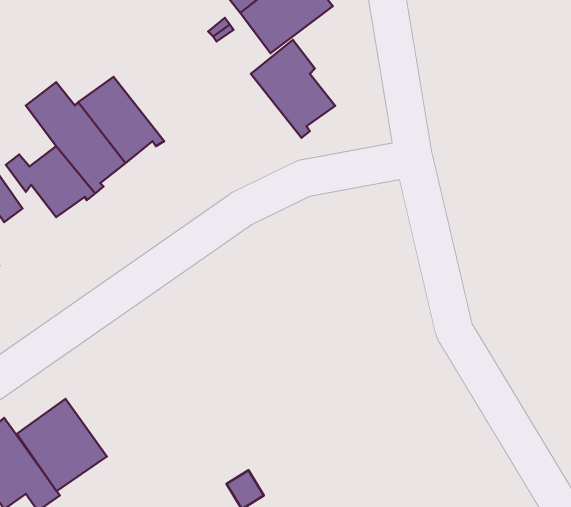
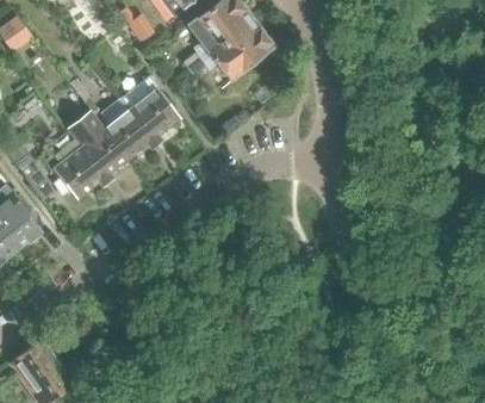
building: [251,40,335,138] -> [119,74,179,143]
building: [17,399,107,491] -> none

